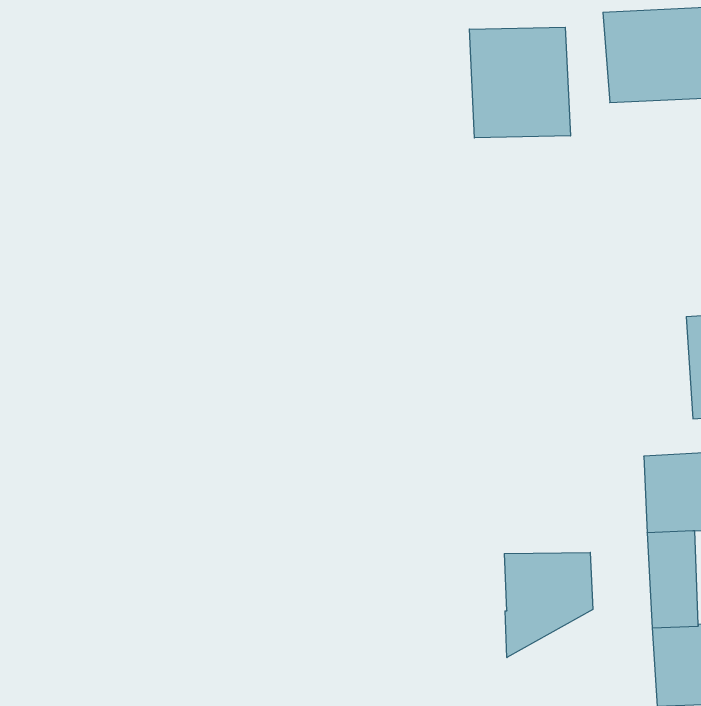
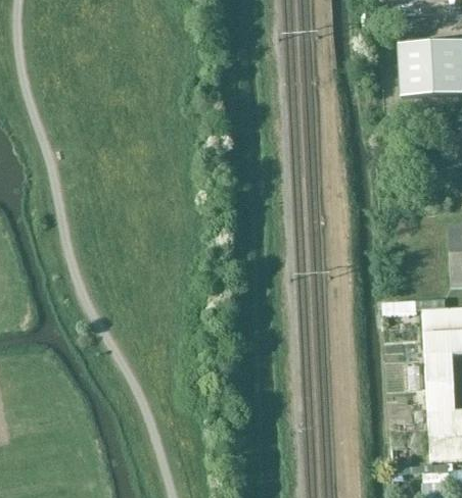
building: [469,27,570,138] -> none
building: [504,552,593,658] -> none

